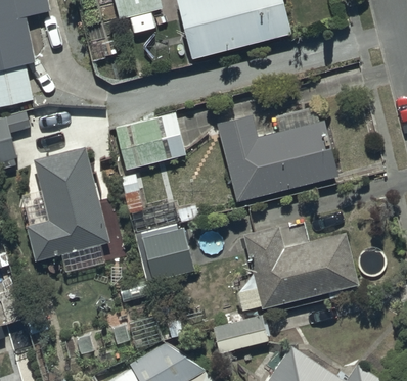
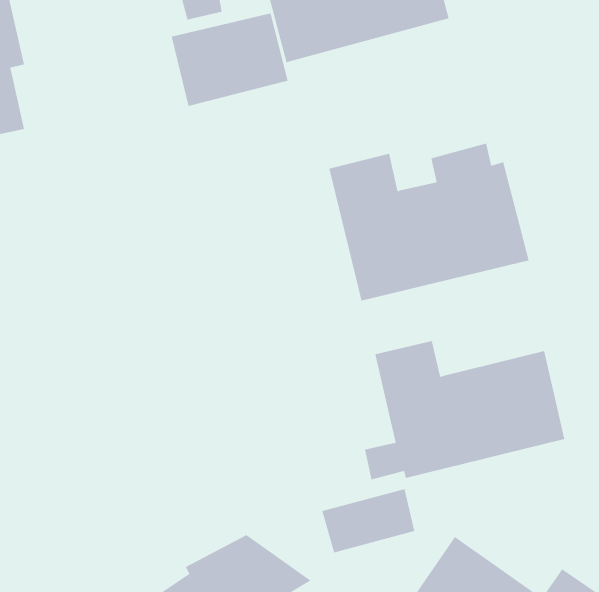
building: [116,113,186,170] -> [171,13,288,106]
building: [25,146,108,259] -> none
building: [141,227,195,280] -> none

